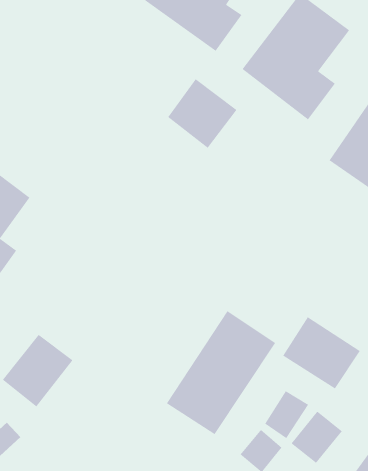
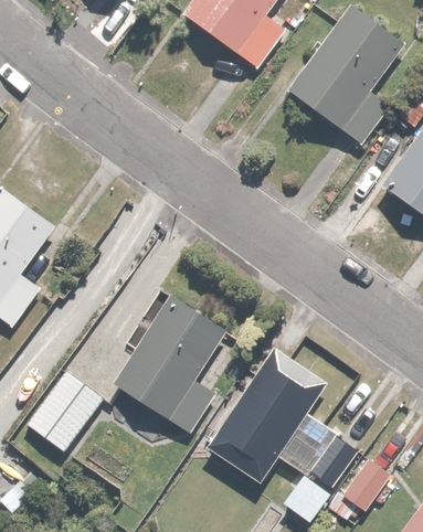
building: [167,78,237,149] -> none
building: none -> [110,296,224,434]
building: [282,316,361,389] -> none

